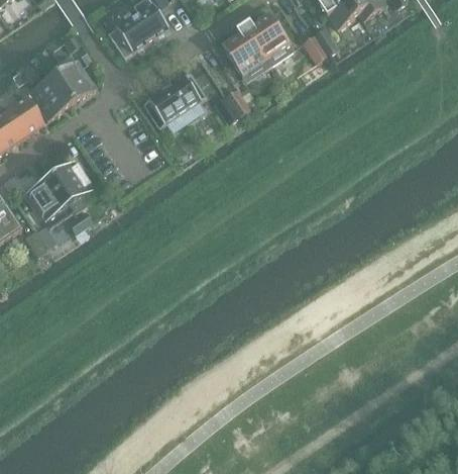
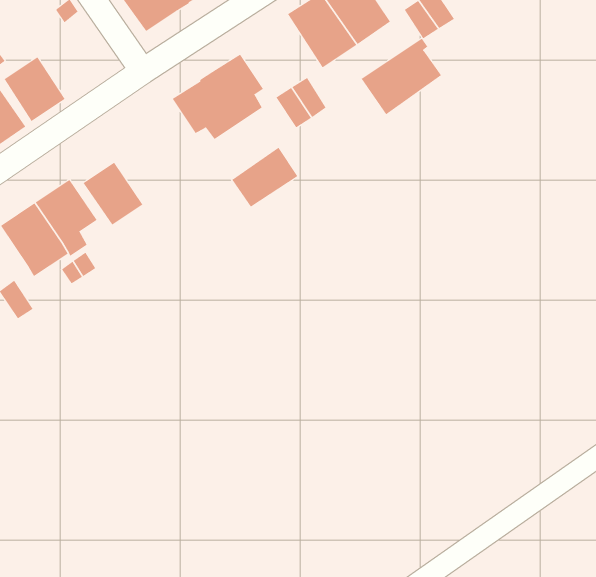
building: [49,58,94,103] -> none
building: none -> [361,38,442,115]
building: none -> [232,147,298,207]
building: none -> [82,162,143,226]

